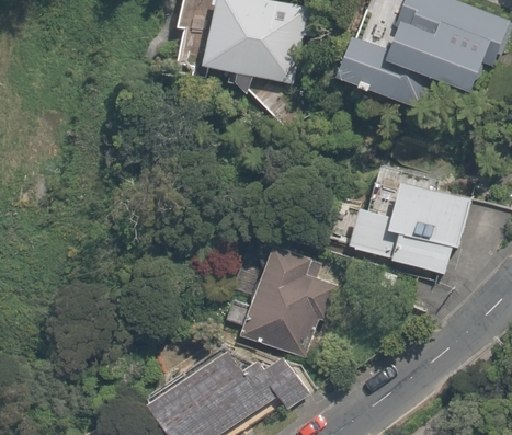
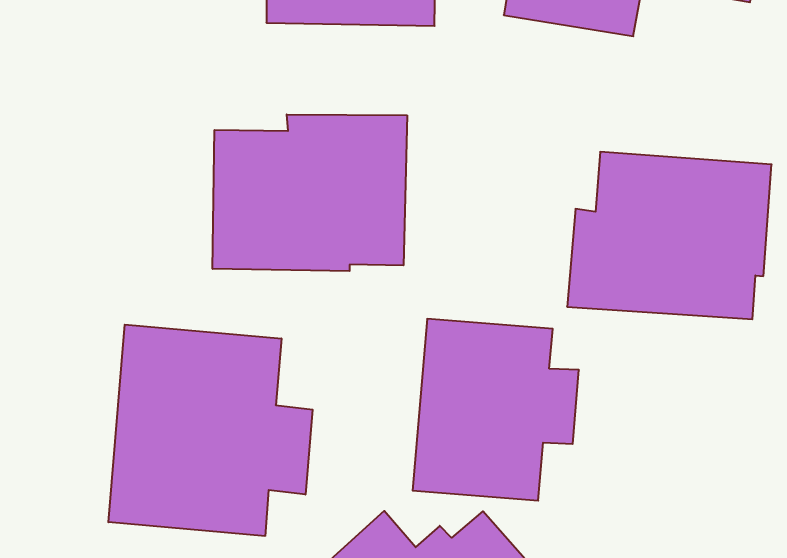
building: none -> [213,114,407,271]
building: none -> [108,325,313,536]

